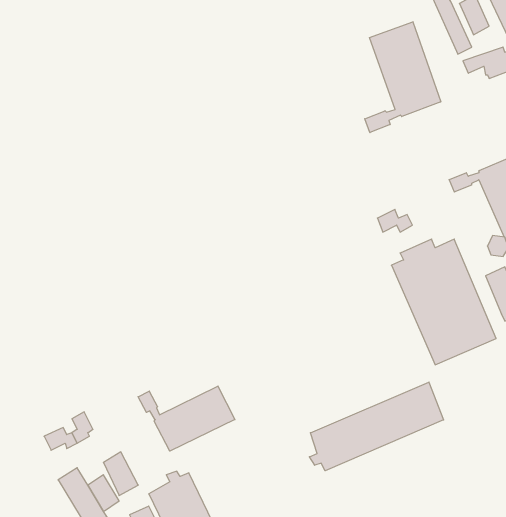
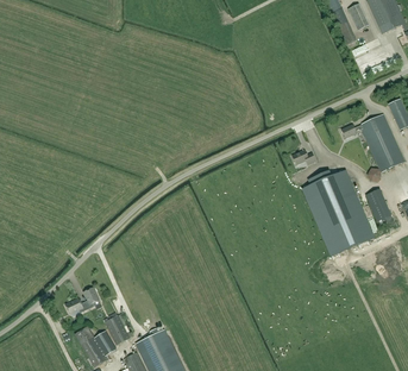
building: [365,22,441,133] -> none
building: [309,382,444,471] -> none
building: [138,386,235,451] -> none

